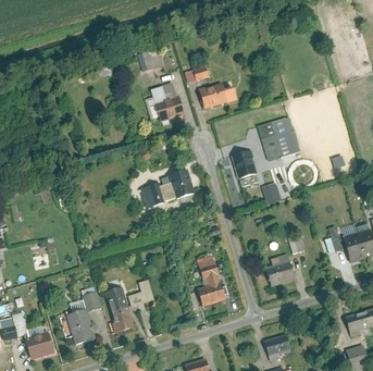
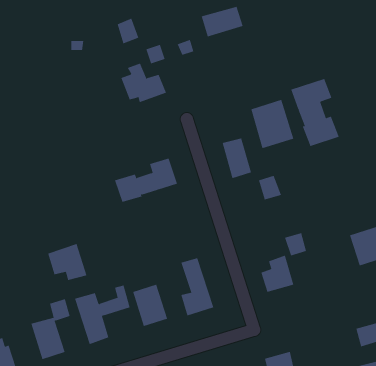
building: [197,79,234,107] -> [201,6,243,37]
building: none -> [291,78,339,147]
building: none -> [47,243,87,281]
building: none -> [132,284,168,327]

